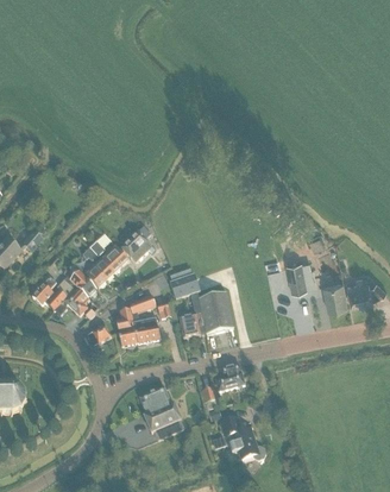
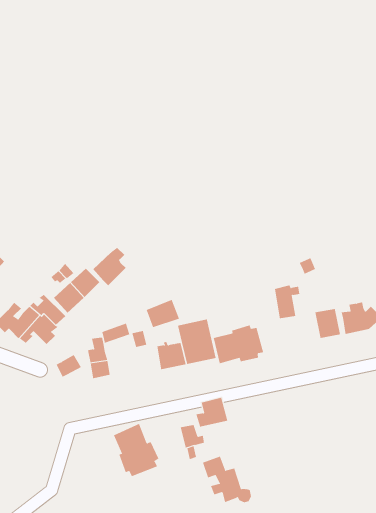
building: none -> [213,324,264,364]
building: [132,316,159,342] -> none

